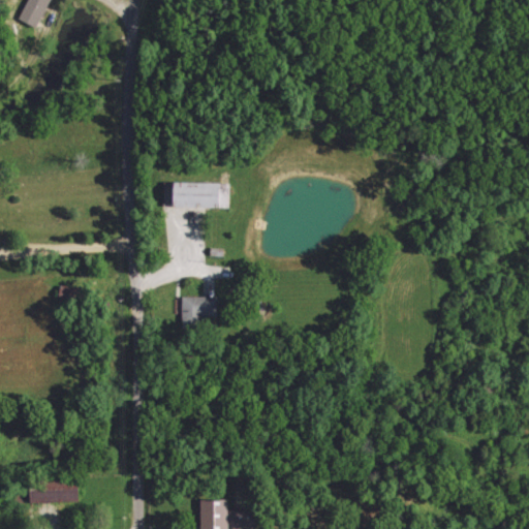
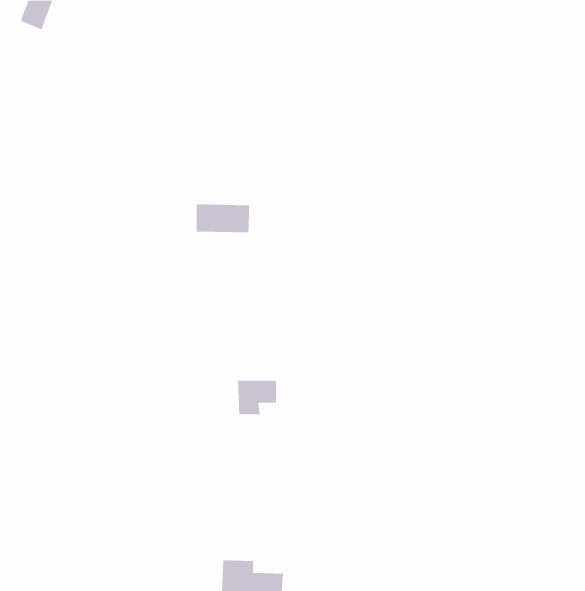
building: [179,298,214,329] -> [237,380,277,415]
building: [32,480,80,504] -> none

